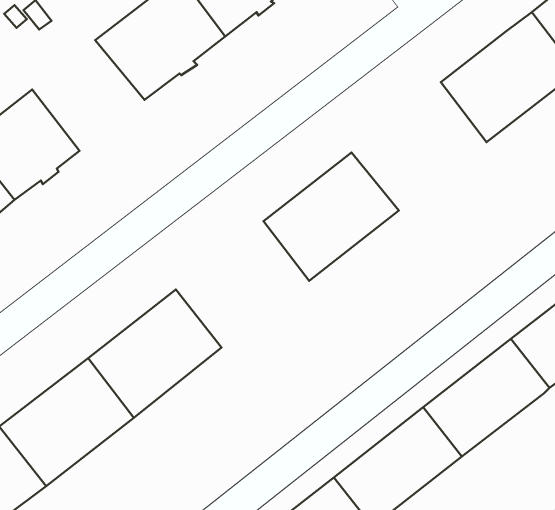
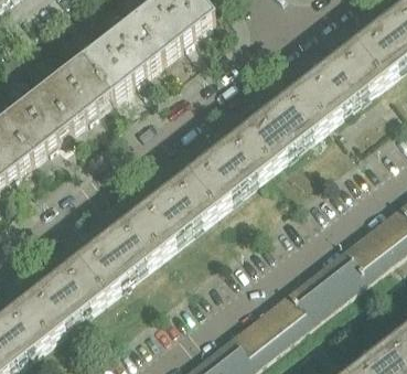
building: none -> [42,55,113,125]
building: none -> [243,82,328,162]
building: none -> [132,169,216,248]

